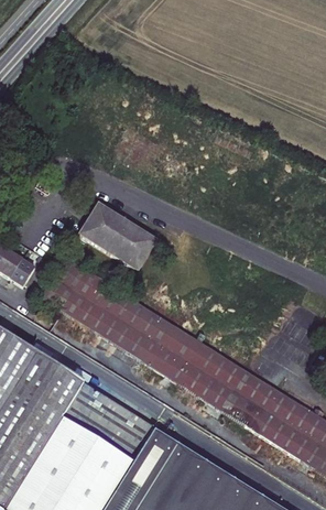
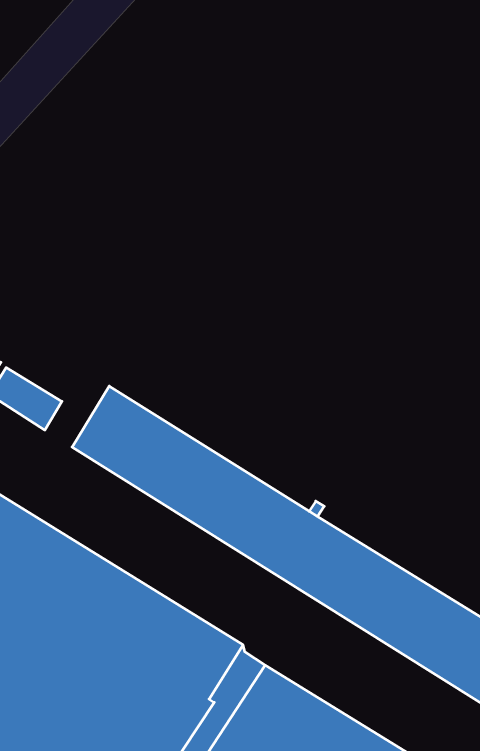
building: [86,208,162,274] -> none

